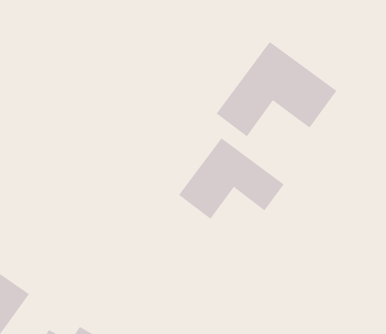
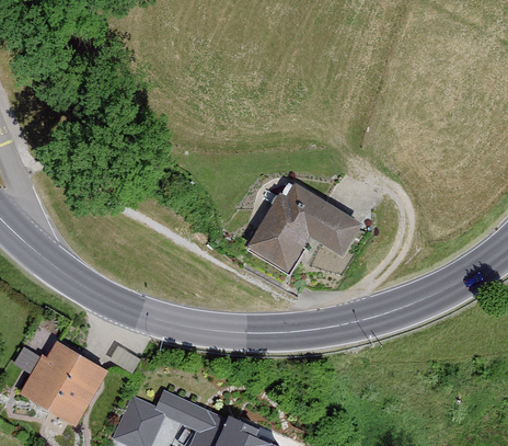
building: [216,41,337,137] -> none

